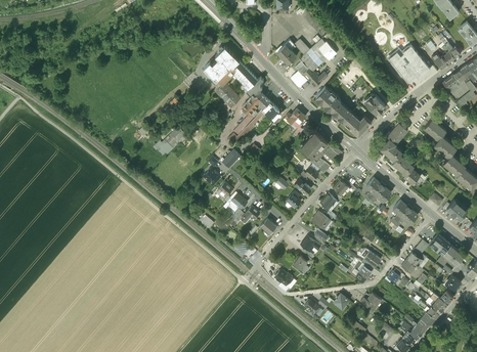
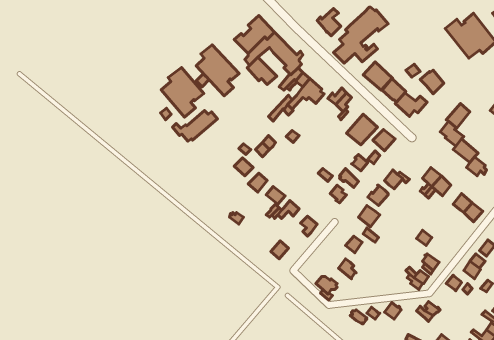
building: none -> [196,45,239,96]
building: none -> [161,67,204,117]

